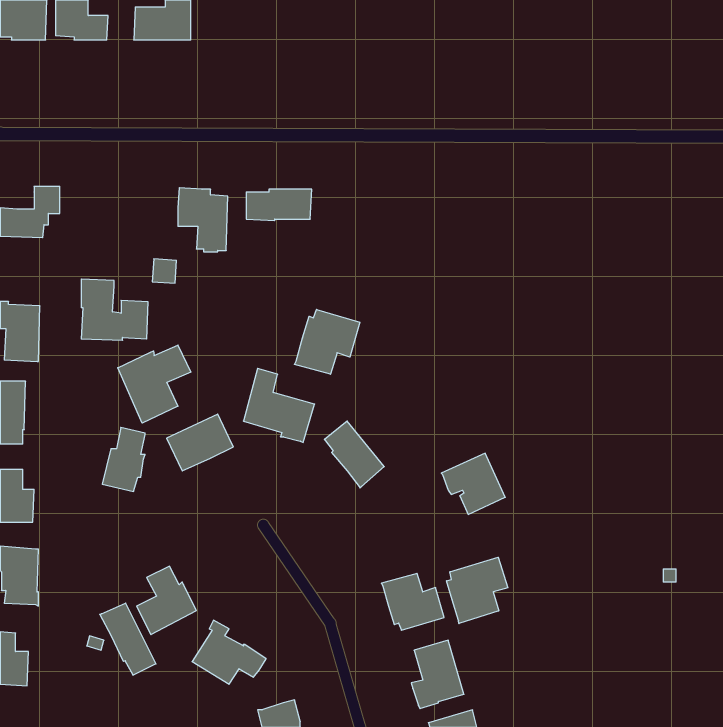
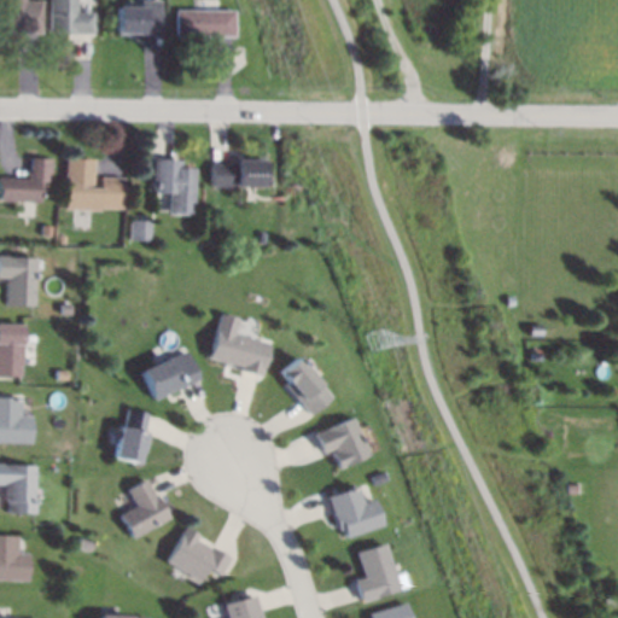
building: none -> [179,8,239,36]
building: [81,279,148,340] -> [68,158,124,210]
building: [294,309,360,374] -> none
building: [118,345,191,423] -> none
building: [102,427,145,491] -> [115,409,151,464]
building: [441,453,505,514] -> [314,416,368,468]
building: [447,557,508,624] -> none
building: [100,603,156,675] -> none

